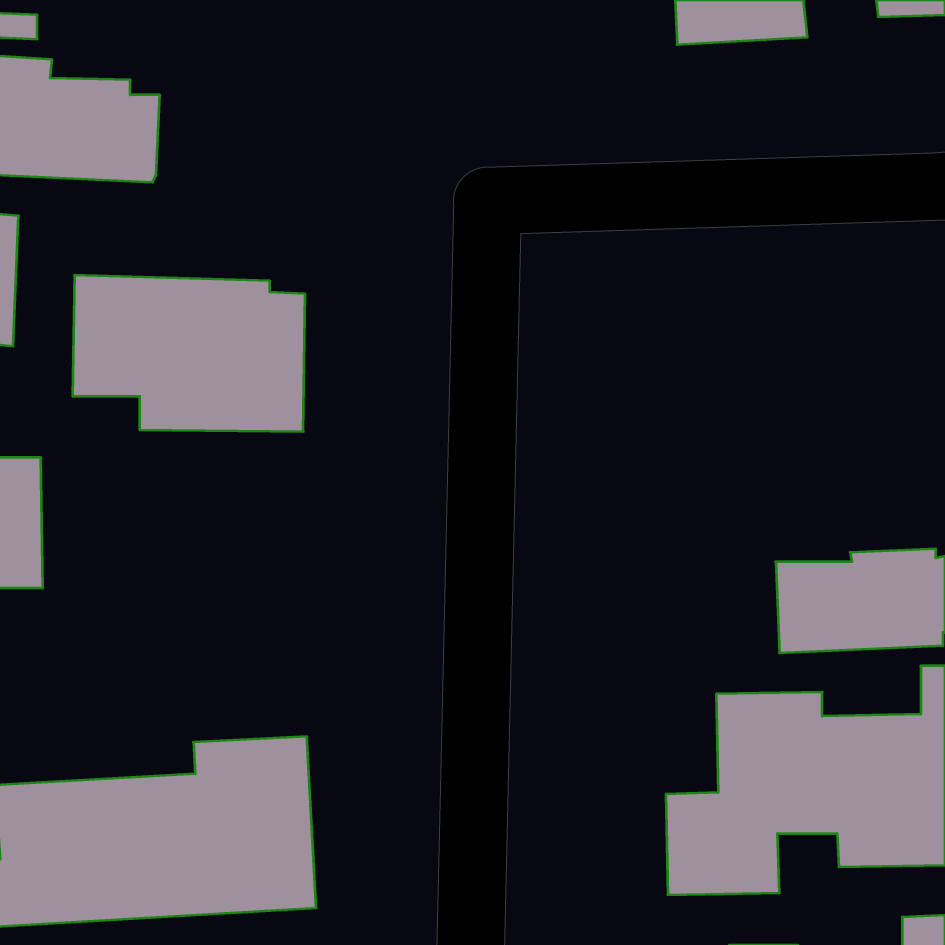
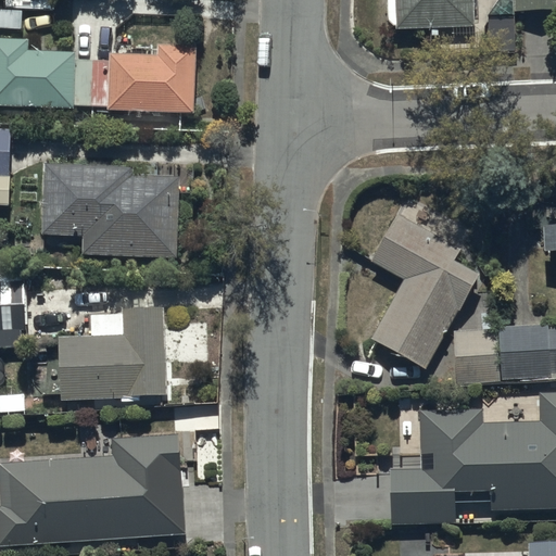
building: none -> [89,42,195,113]
building: none -> [368,200,477,367]
building: none -> [60,306,166,401]

